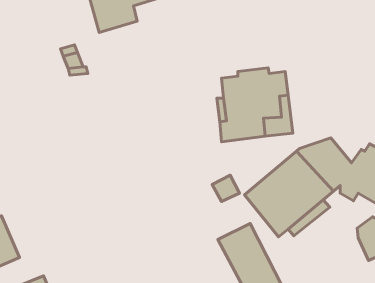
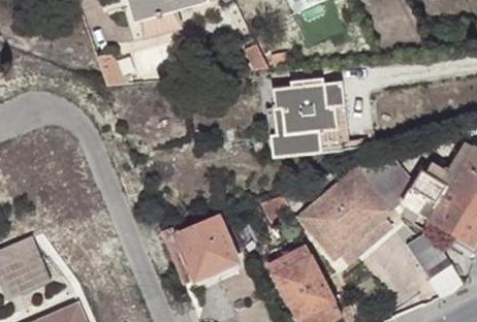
building: none -> [163,214,242,284]

